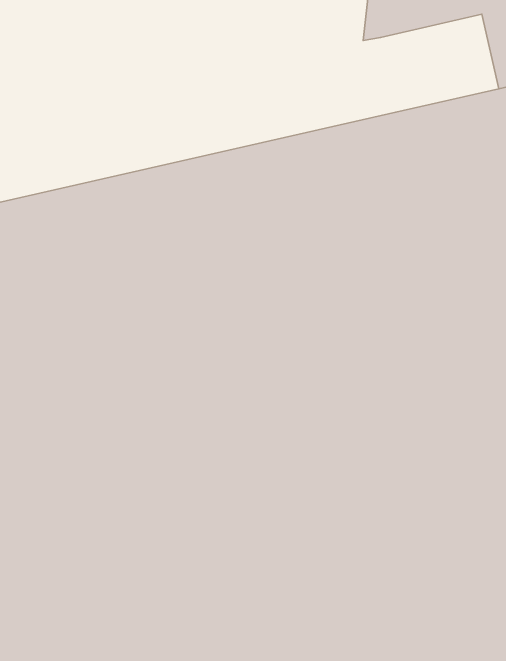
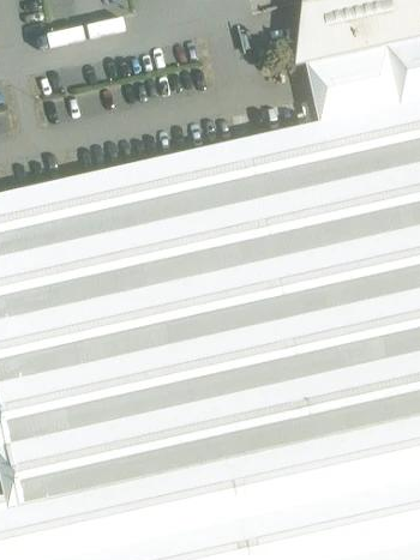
building: none -> [307,46,398,121]

